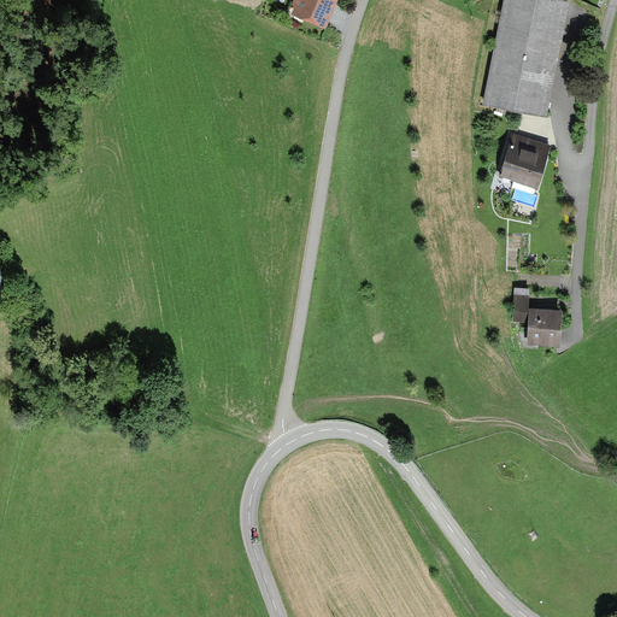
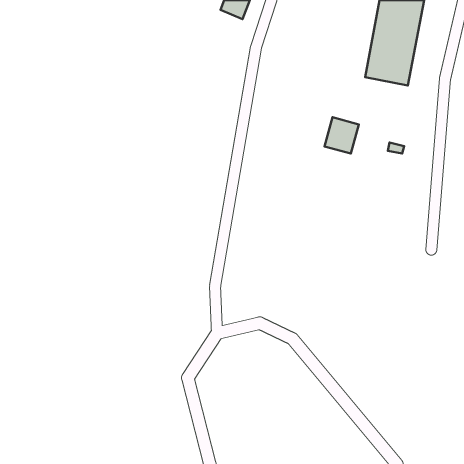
building: [500,137,546,186] -> [324,117,359,154]
building: [516,283,558,343] -> none

